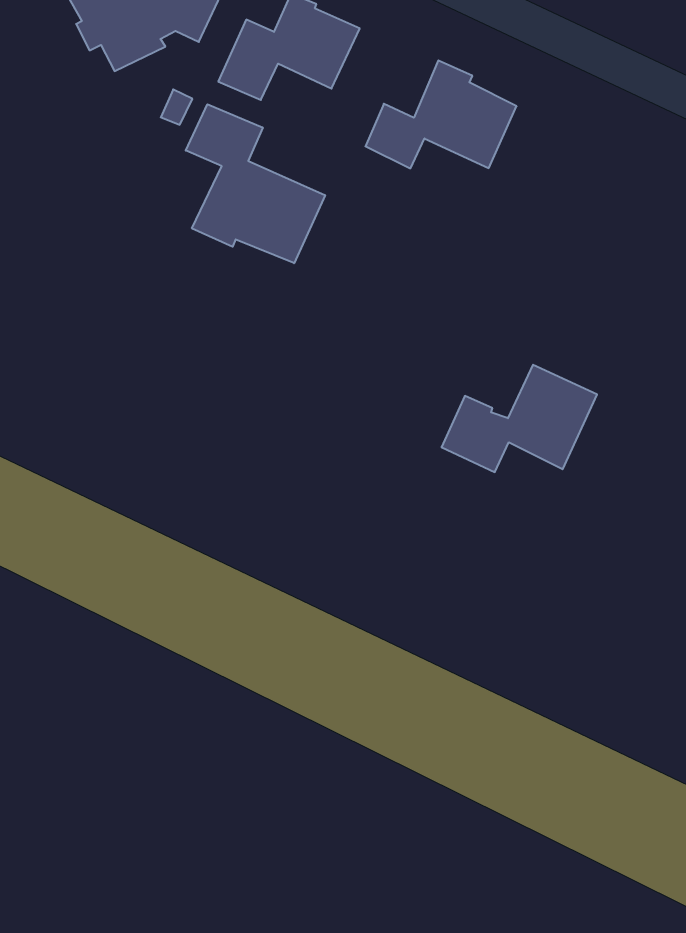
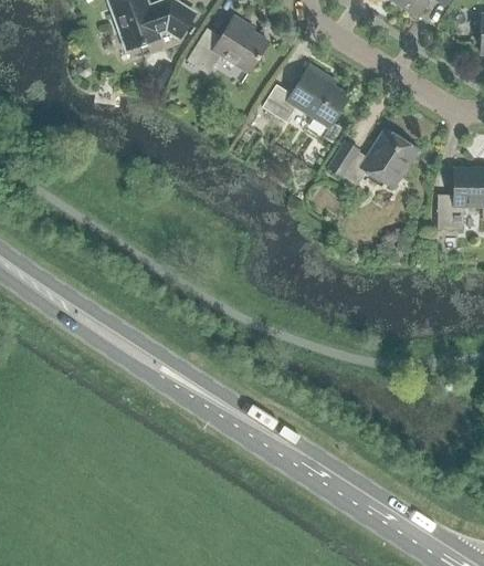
building: [186,104,325,263] -> none
building: [441,365,597,472] -> [328,129,418,189]

